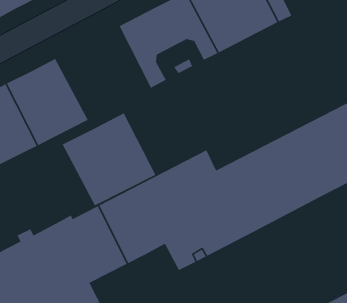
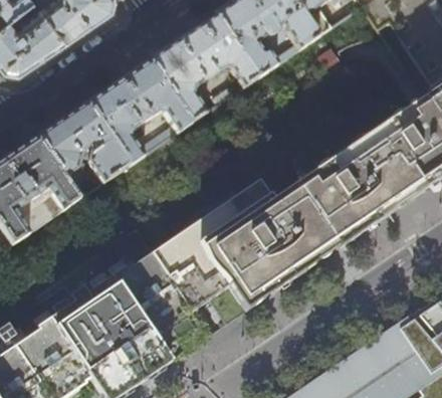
building: [61,112,156,206] -> [85,61,190,165]

